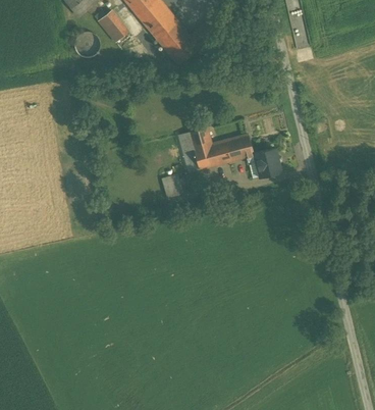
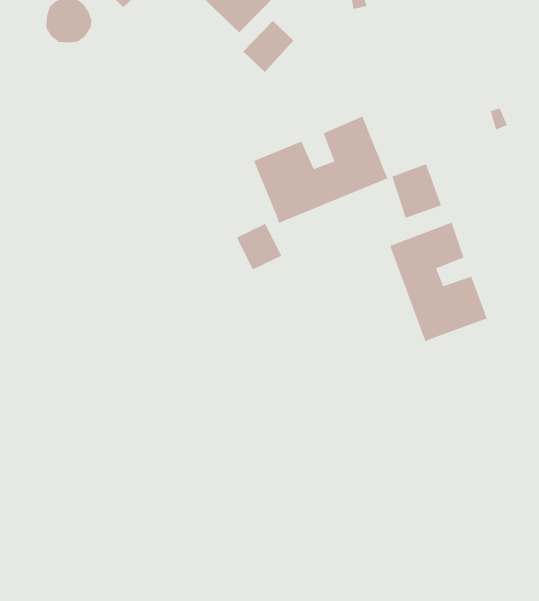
building: none -> [242,20,294,73]
building: none -> [389,222,488,342]

